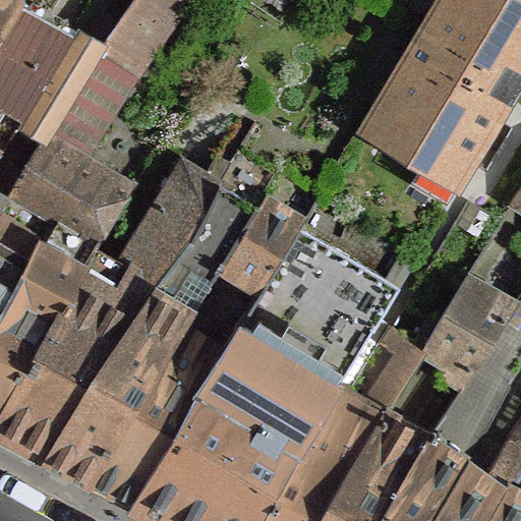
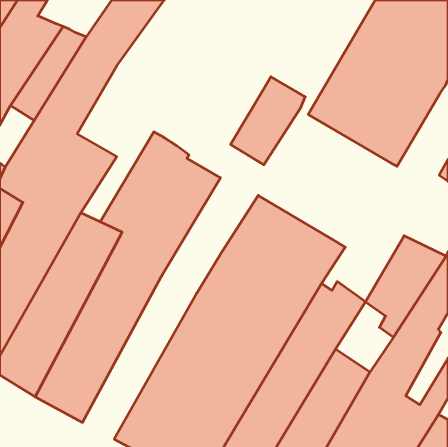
building: [218,193,304,295] -> [231,77,305,165]
building: [96,323,228,511] -> none

